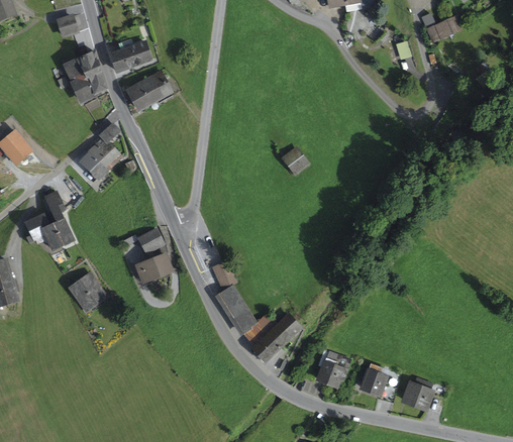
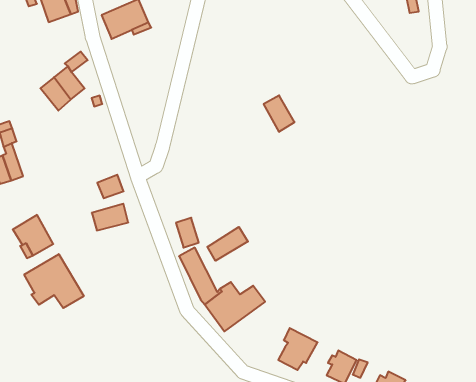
building: none -> [207,227,248,261]
building: none -> [24,254,84,308]

